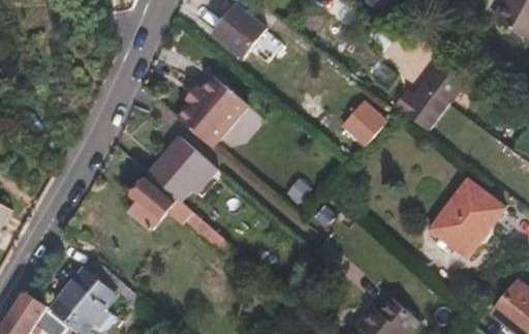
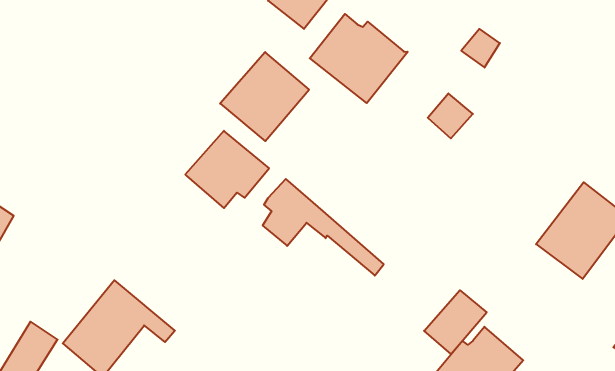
building: none -> [310,14,408,103]
building: [397,60,463,130] -> none
building: [131,175,228,252] -> [263,179,384,276]
building: none -> [424,290,487,354]

